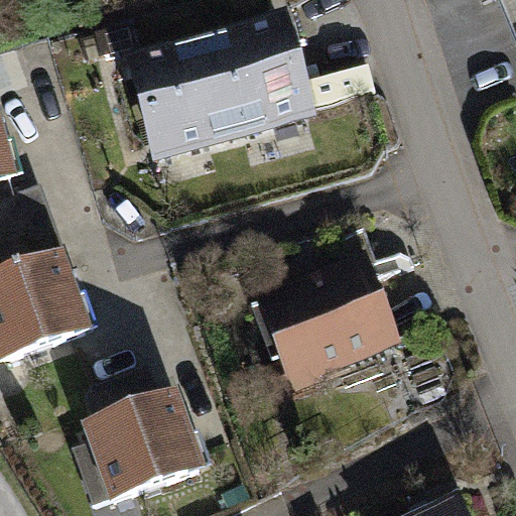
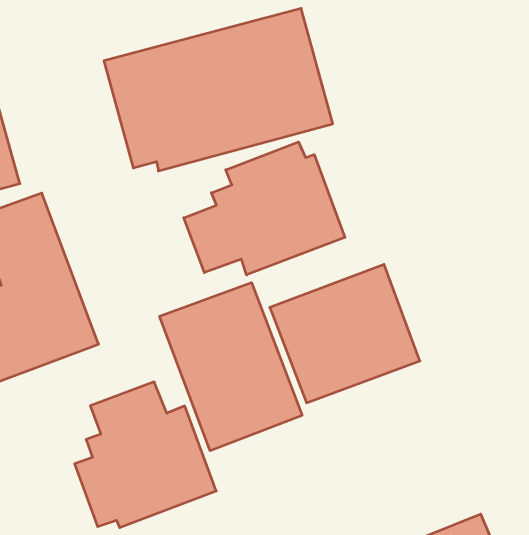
building: none -> [184,142,345,275]
building: none -> [160,283,302,451]

